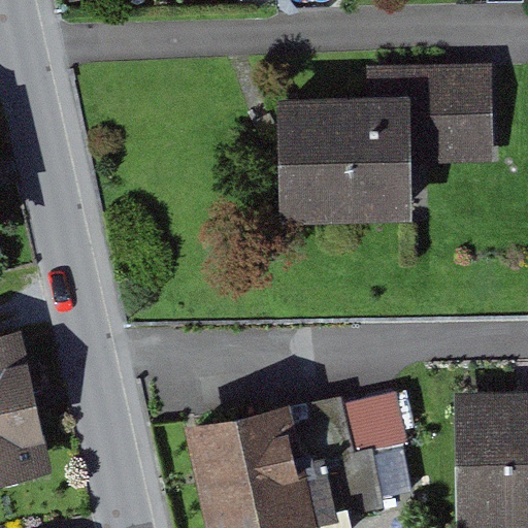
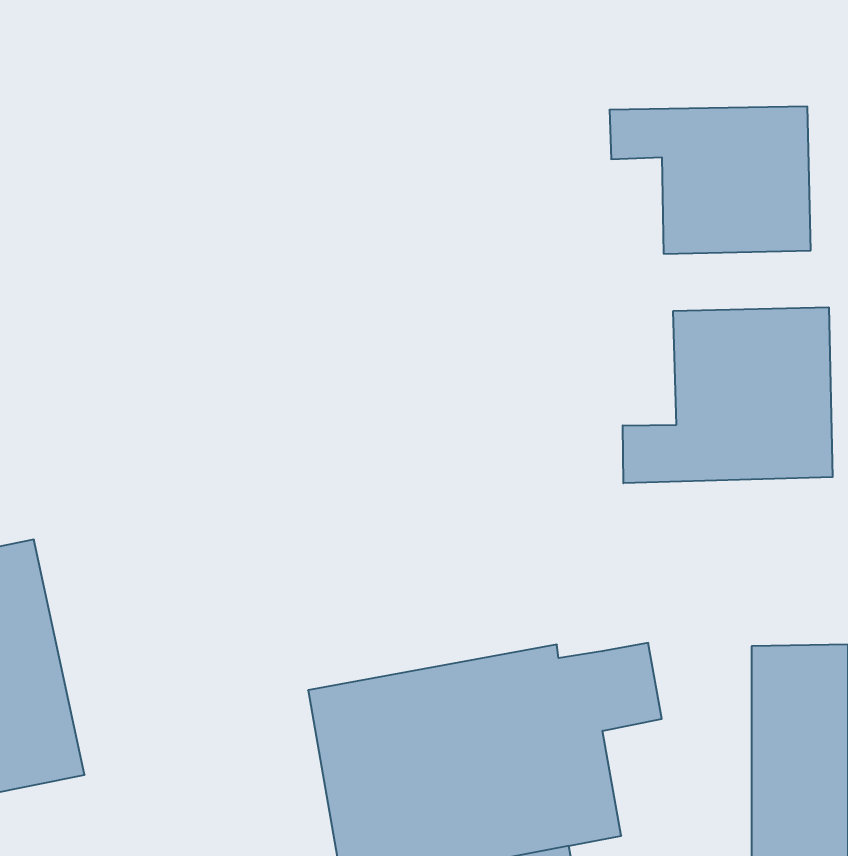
building: [278,101,406,219] -> none
building: none -> [623,307,833,483]

